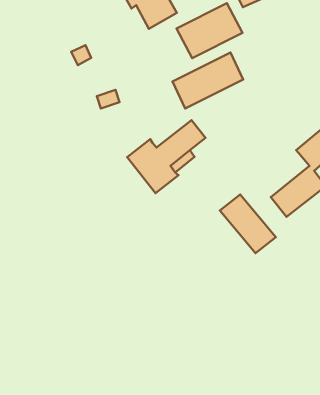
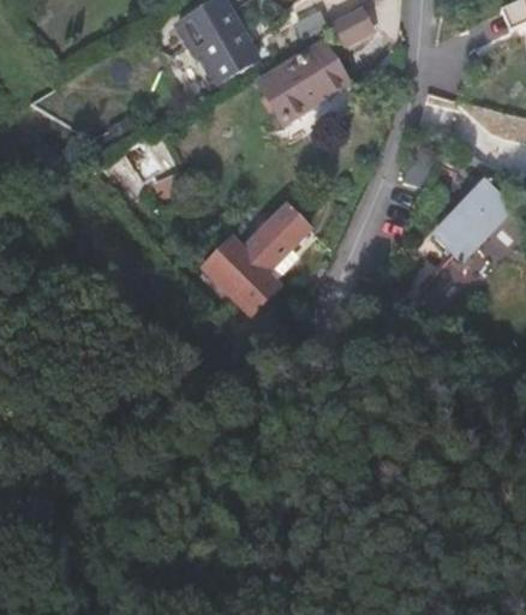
building: [173,52,243,108] -> none
building: [220,195,276,253] -> none

